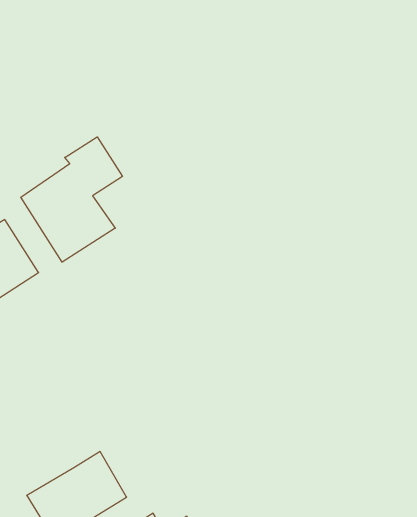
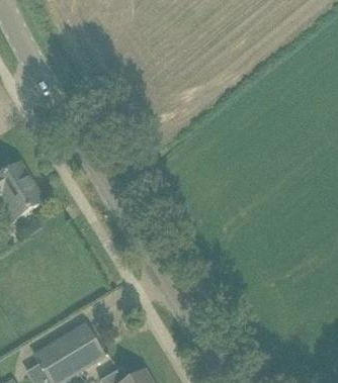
building: [21,137,122,262] -> none

